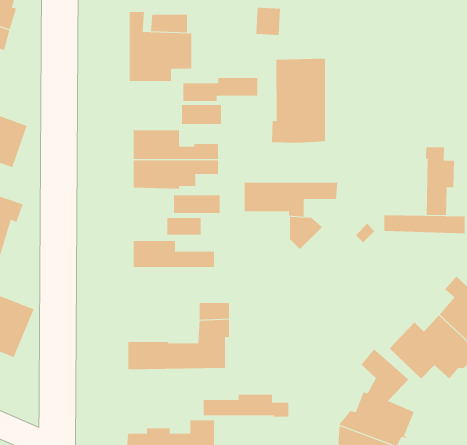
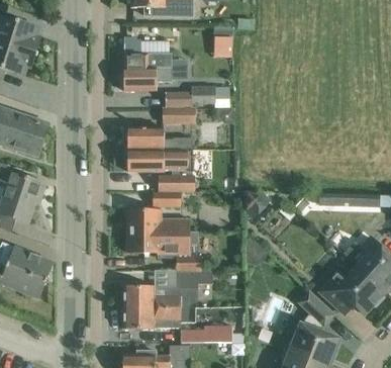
building: [272,58,326,143] -> none
building: [425,147,454,216] -> none
building: [244,182,338,217] -> [127,232,198,258]
building: none -> [123,307,181,331]

